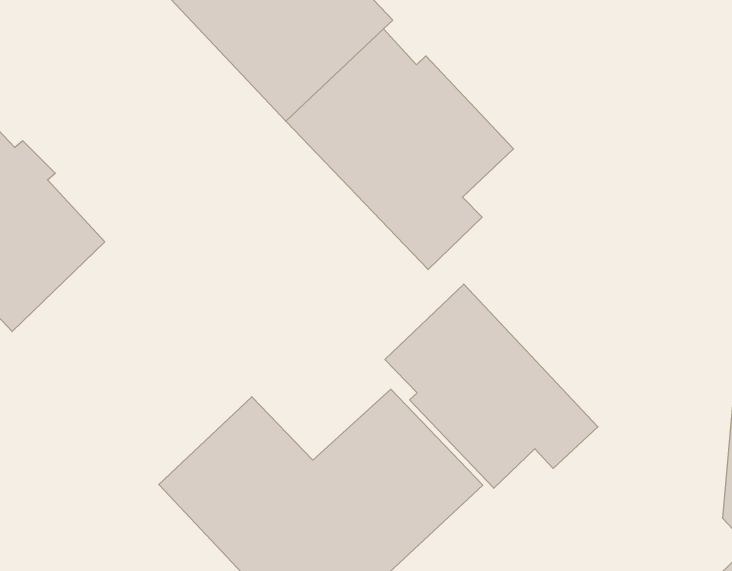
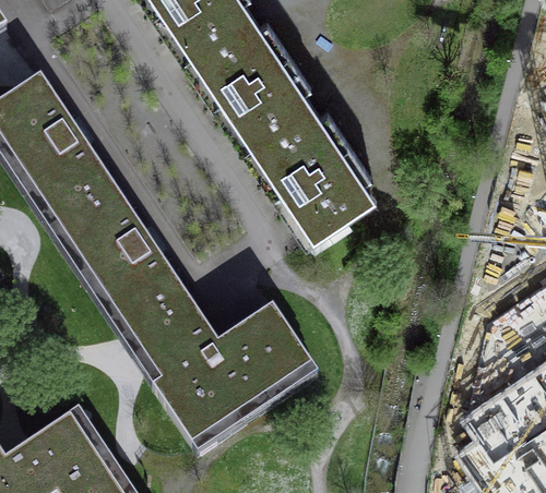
building: none -> [50,187,189,339]
building: [385,284,598,488] -> none

